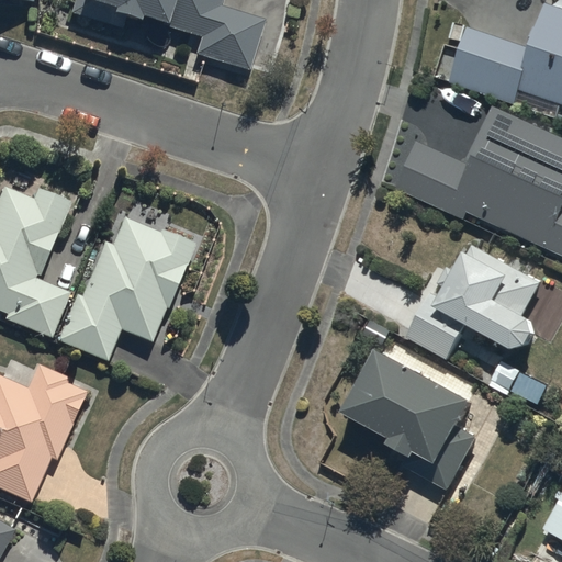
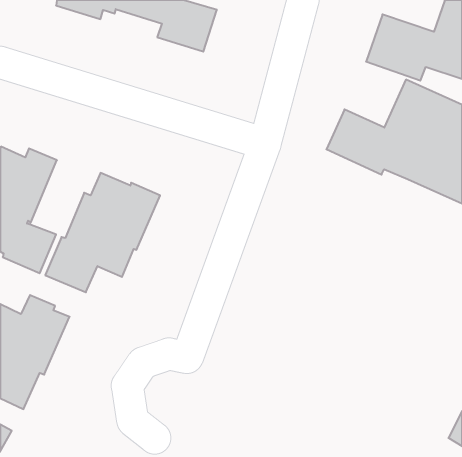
building: [407,243,540,358] -> none
building: [341,340,476,490] -> none

